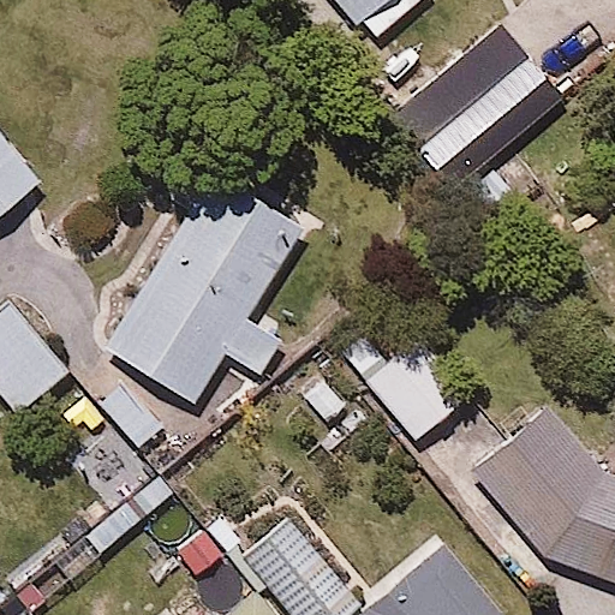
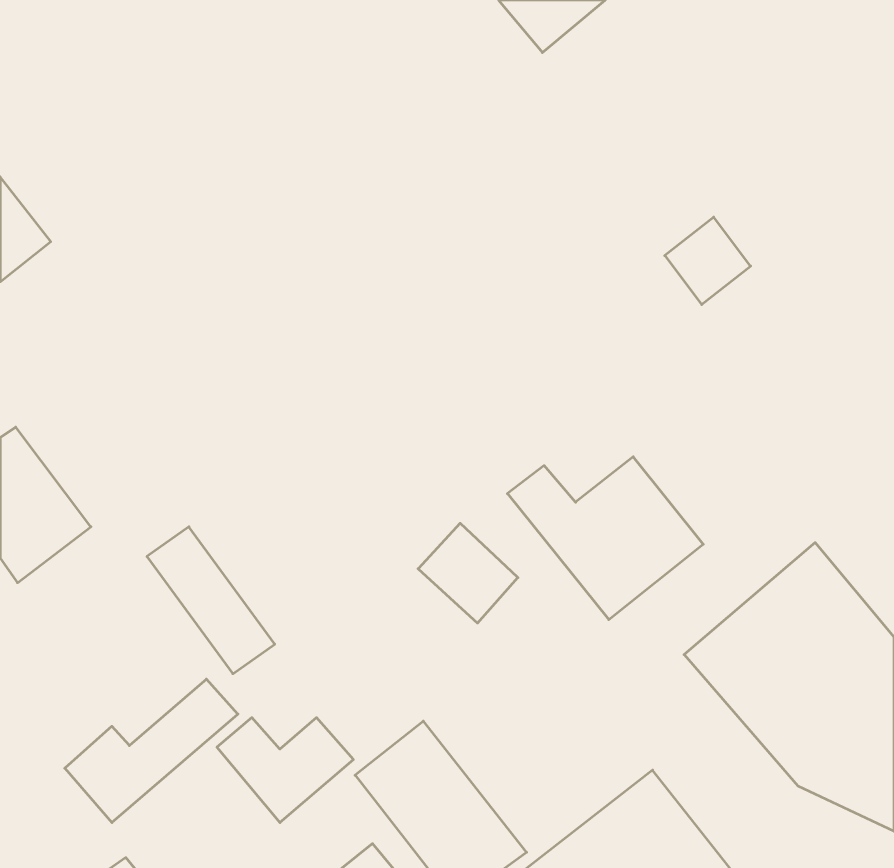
building: [429,34,561,166] -> none
building: [103,184,293,406] -> none

